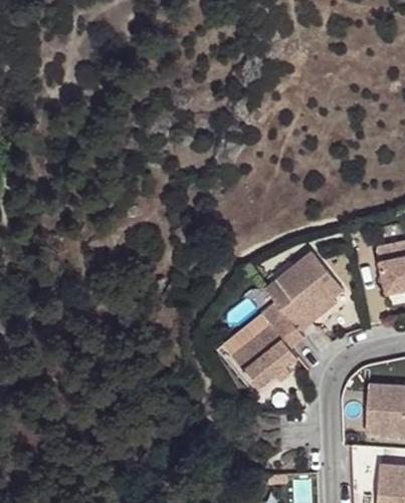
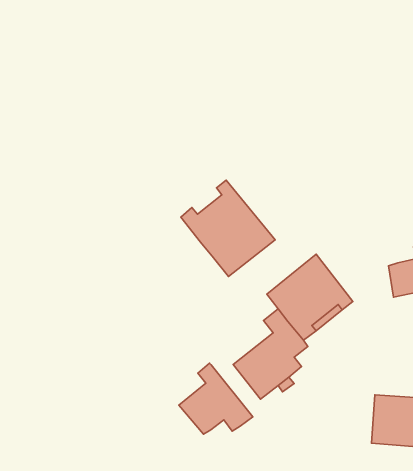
building: none -> [181,180,275,277]
building: none -> [179,363,253,434]

